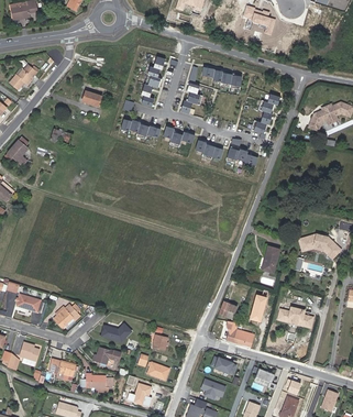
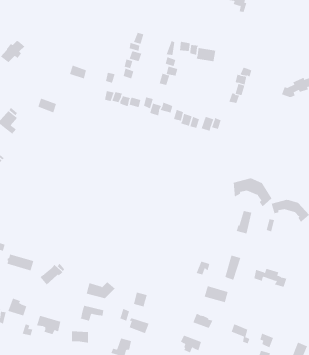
building: none -> [233,178,272,207]

